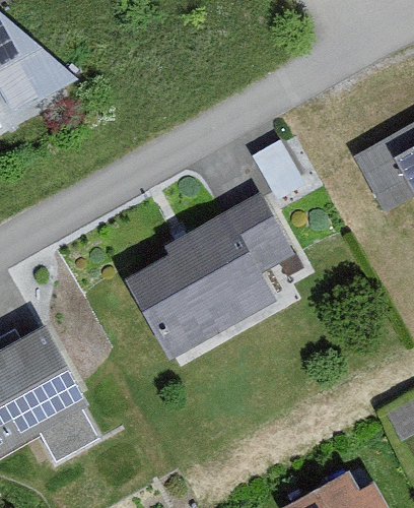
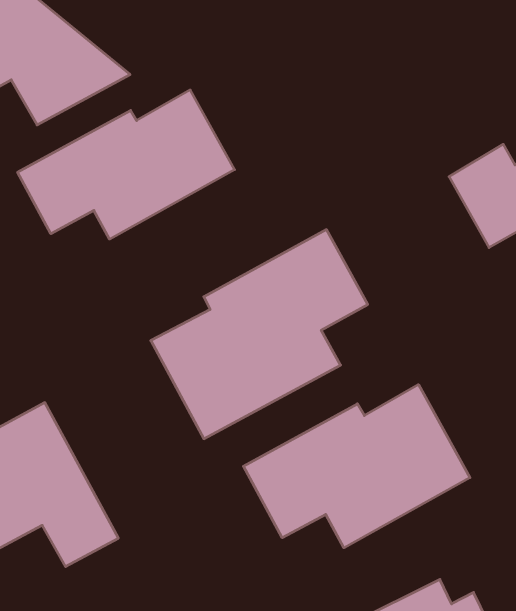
building: none -> [18,90,235,239]
building: none -> [243,385,470,548]

